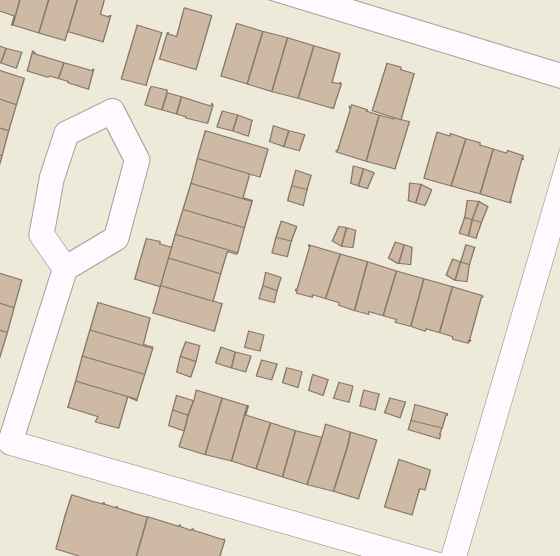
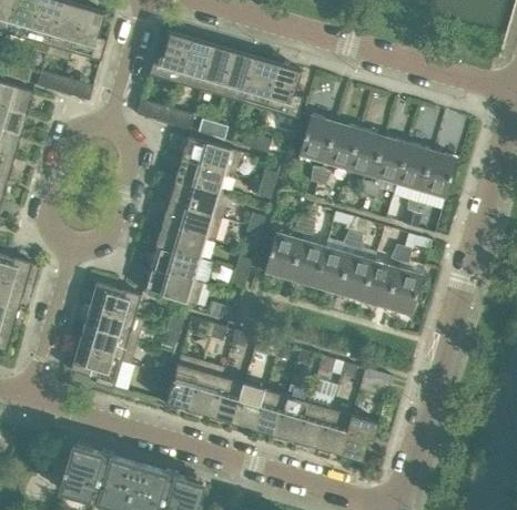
building: [121,25,162,85] -> [179,39,213,90]
building: [372,63,414,120] -> [347,129,383,176]
building: [135,238,172,287] -> none
building: none -> [316,409,351,455]

